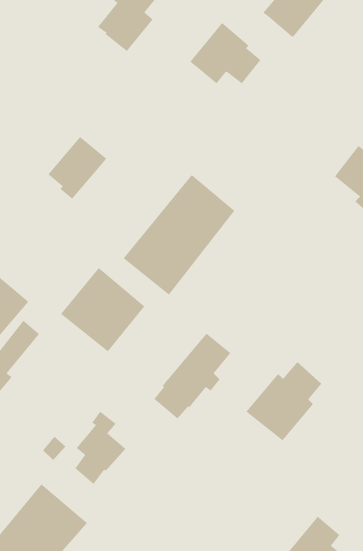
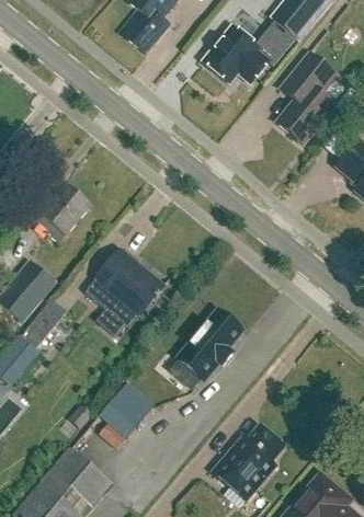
building: none -> [255,21,296,65]
building: none -> [275,53,335,145]
building: [47,136,107,199] -> [35,184,90,242]
building: [123,174,235,295] -> none
building: [246,361,322,441] -> [212,426,282,499]

